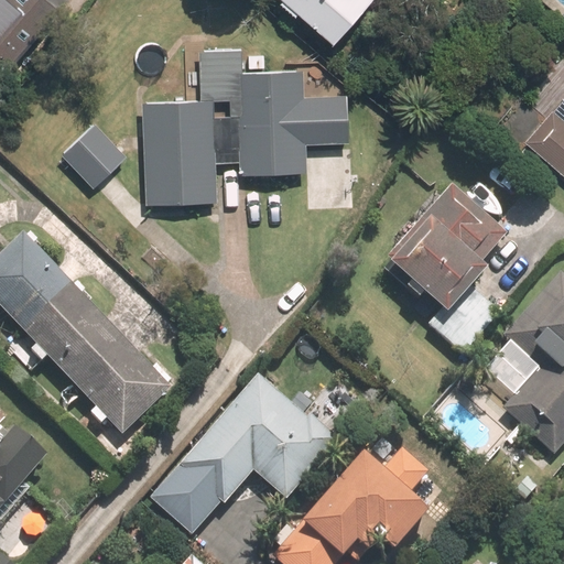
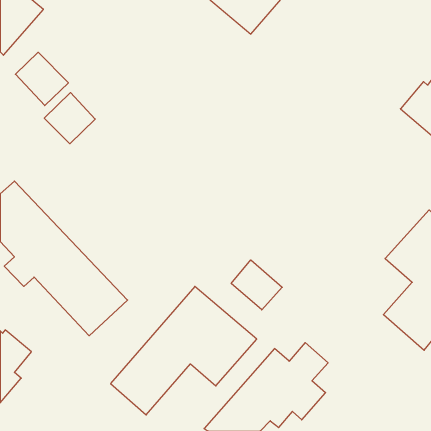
building: [142,39,349,203] -> none
building: none -> [15,52,68,106]
building: [383,182,510,354] -> none
building: none -> [231,260,282,310]

